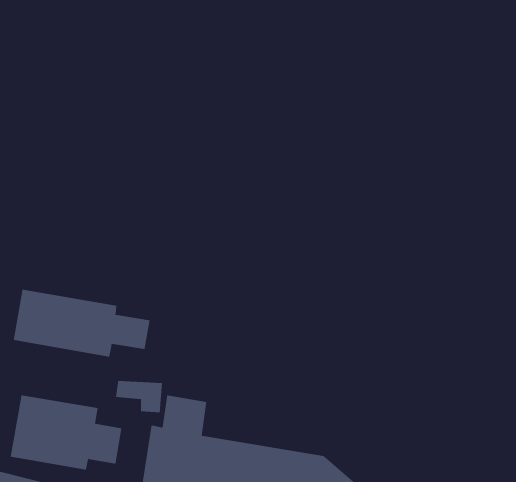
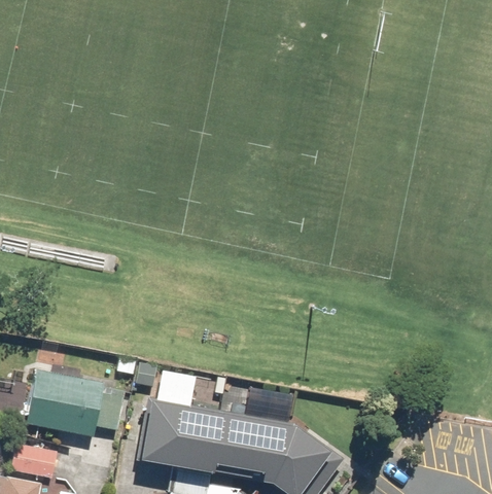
building: [13,289,150,357] -> none

